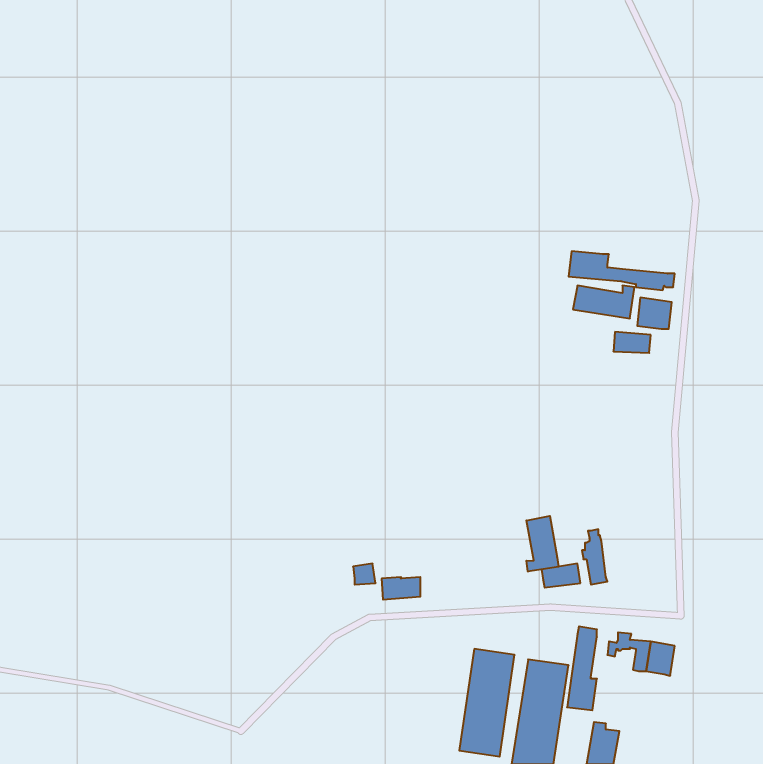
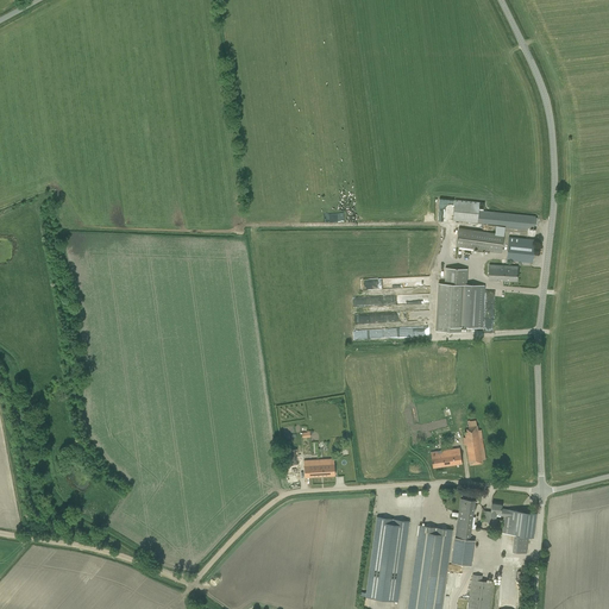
building: none -> [437,268,484,332]
building: [526,516,559,572] -> none

